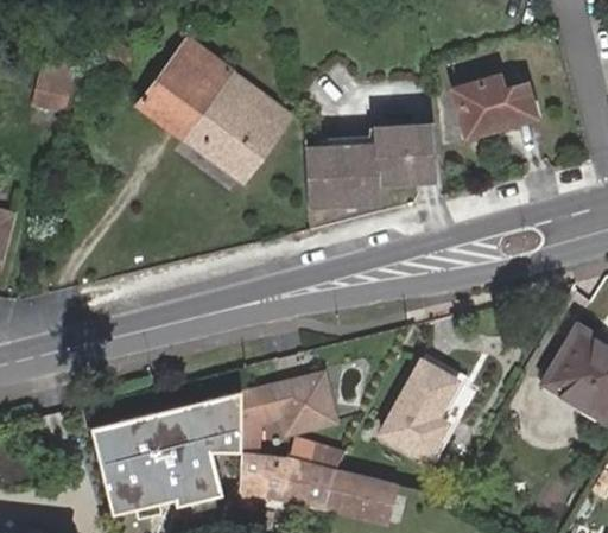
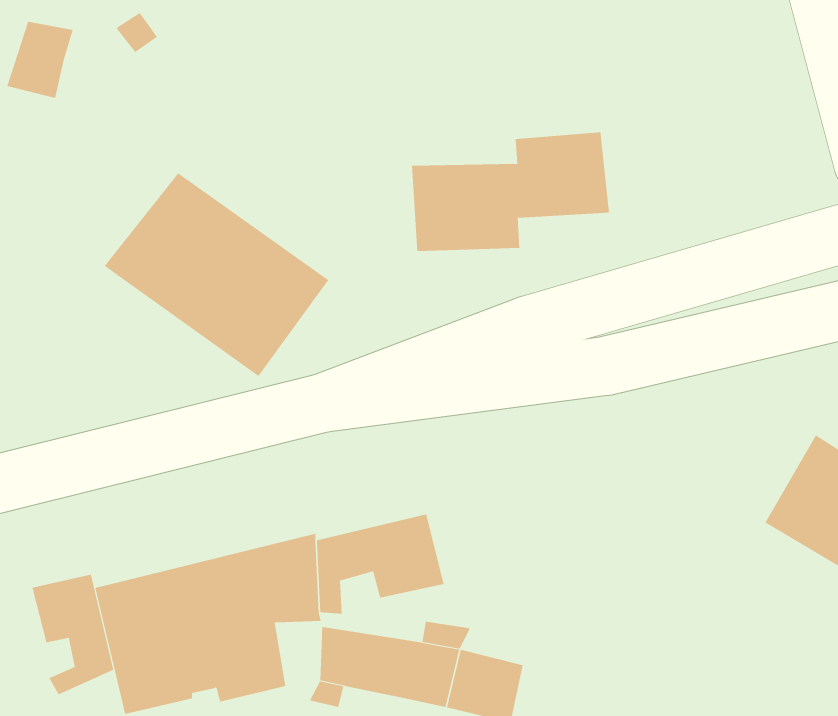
building: [138,42,290,179] -> [104,173,329,377]
building: [454,77,536,138] -> none
building: [382,364,458,461] -> none
building: none -> [32,574,114,695]

